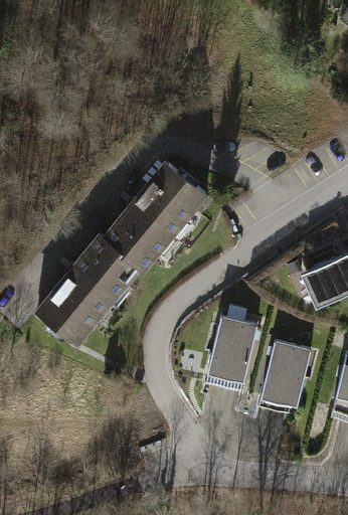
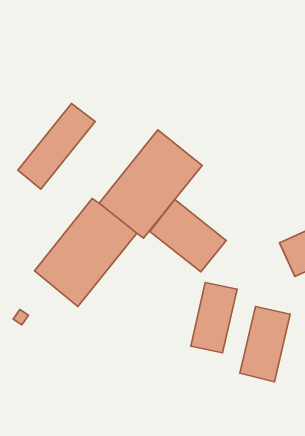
building: none -> [18,103,95,189]
building: none -> [150,199,226,272]

